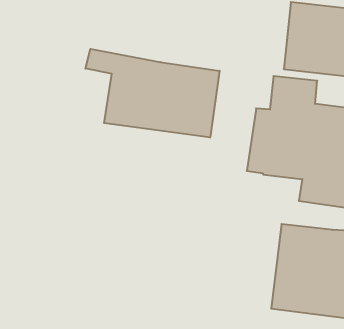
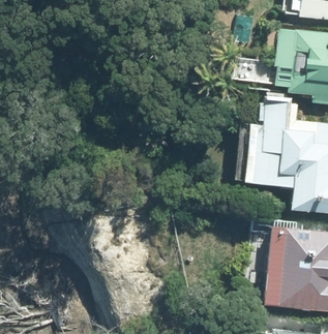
building: [85,49,220,138] -> none

